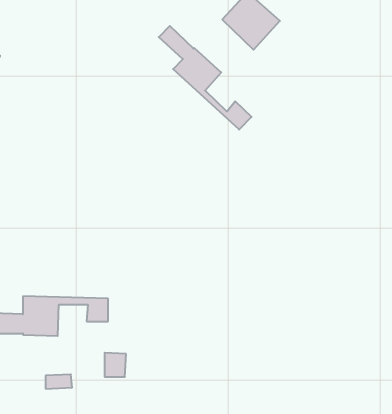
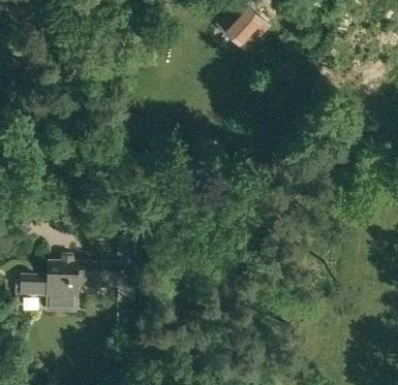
building: [159,26,252,130] -> none

